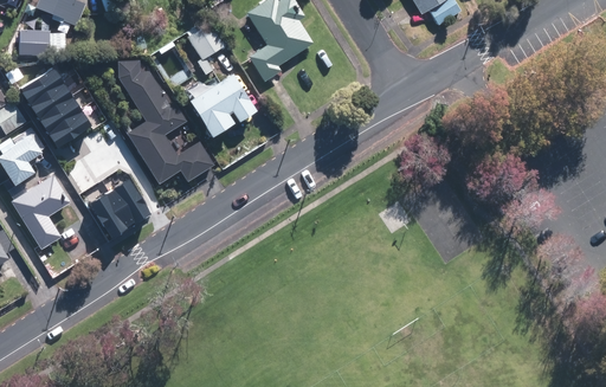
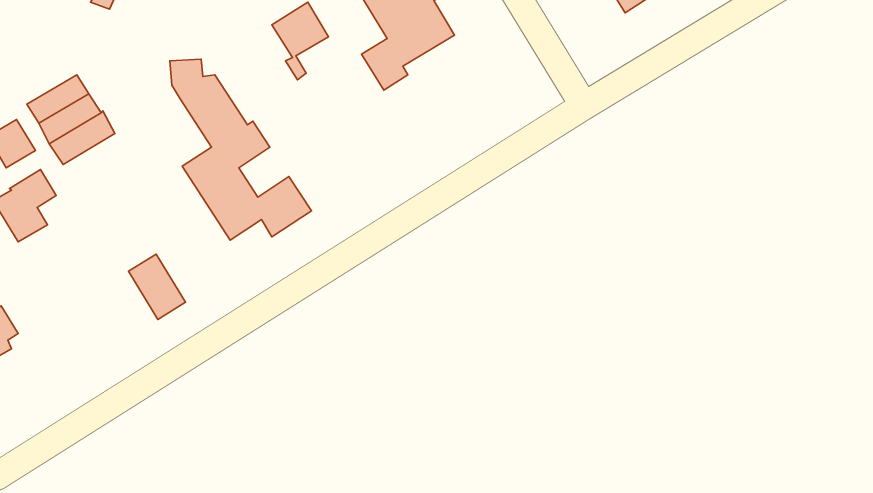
building: [18,28,50,54] -> none
building: [189,72,256,135] -> none
building: [44,110,89,147] -> none
building: [11,175,69,249] -> none
building: [108,181,148,226] -> none

